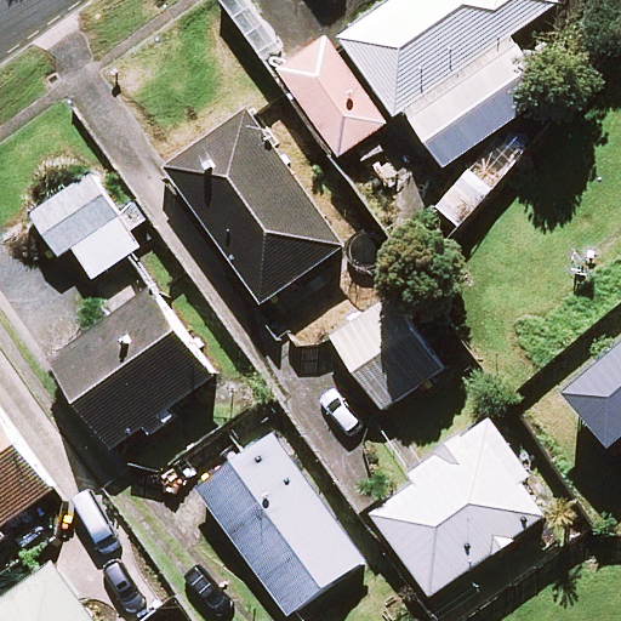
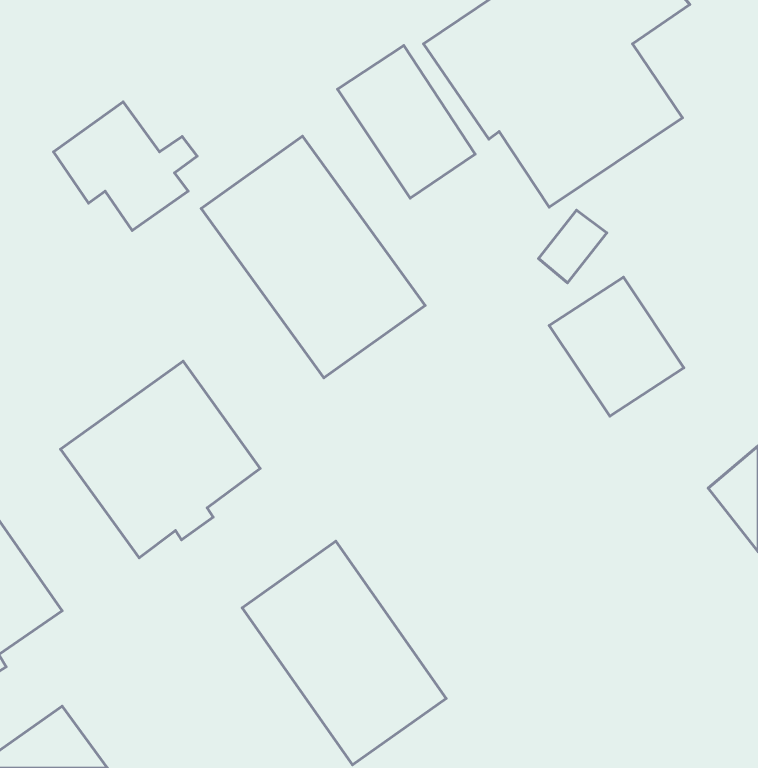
building: [27,173,142,277] -> [54,102,197,230]
building: [327,295,435,406] -> [549,277,684,416]
building: [370,417,543,594] -> none

